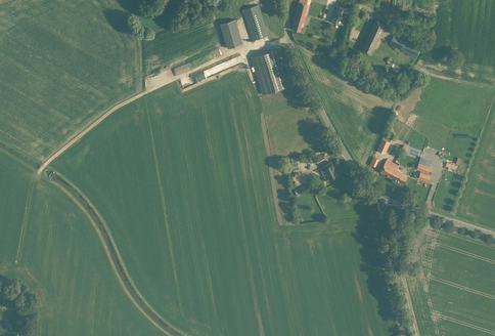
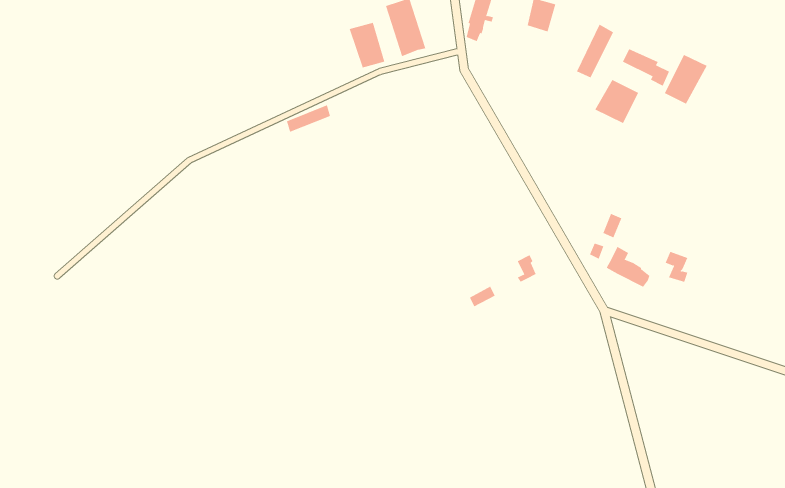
building: none -> [664,54,708,104]
building: [252,49,287,94] -> none
building: none -> [595,79,639,124]

